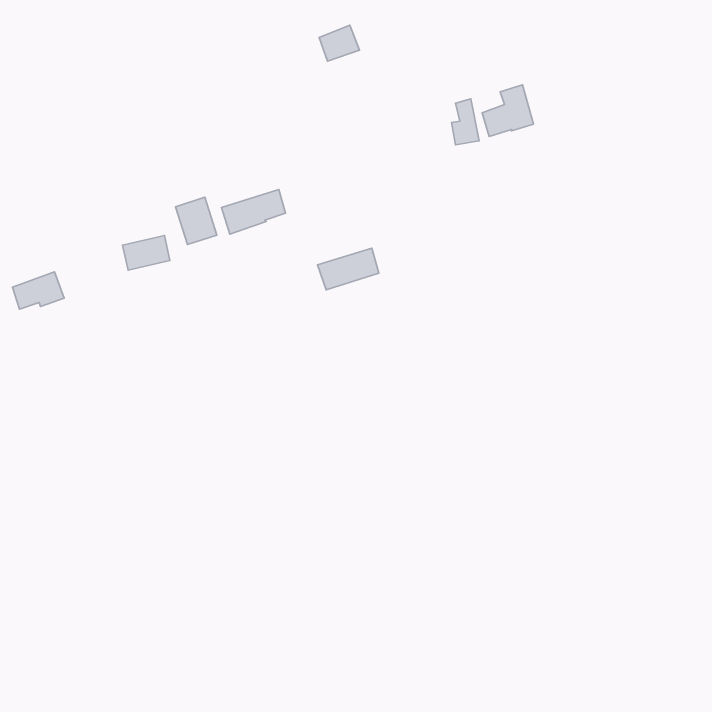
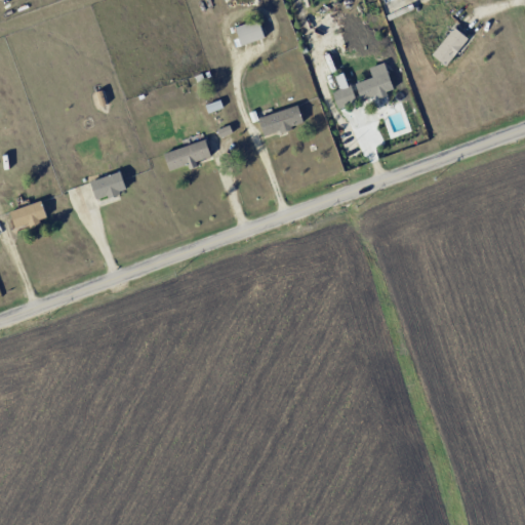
building: none -> [431,27,468,67]
building: [175,197,217,245] -> none
building: [318,248,379,290] -> [257,106,302,136]

